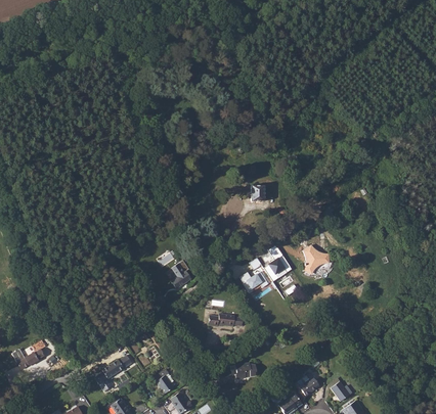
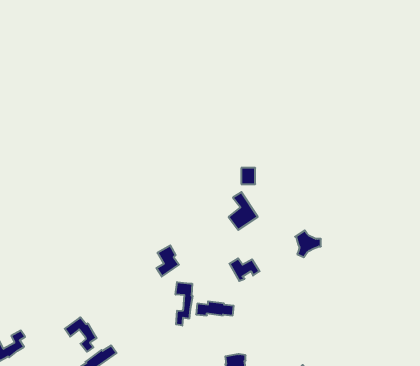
building: [264,245,292,281] -> [229,192,258,230]
building: none -> [176,282,193,326]
building: none -> [65,317,97,352]

